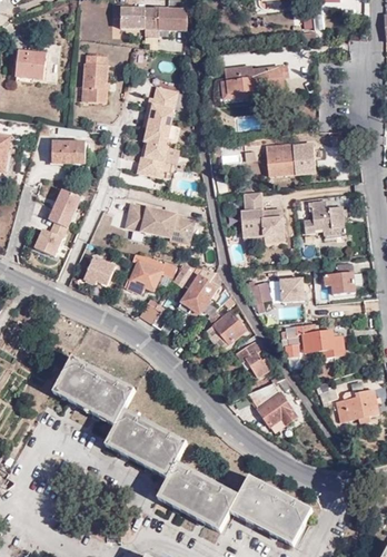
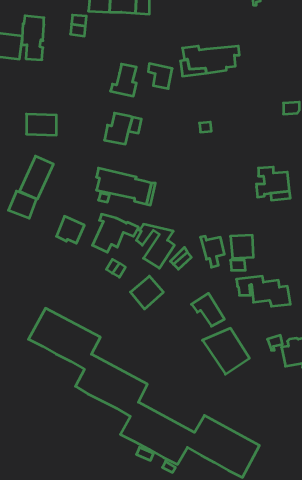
building: [83,53,108,102] -> [22,16,44,60]
building: [143,116,170,144] -> [148,64,172,89]
building: [266,144,305,177] -> none
building: [239,190,284,242] -> none
building: [322,264,353,294] -> none
building: [209,310,246,346] -> [130,276,163,309]

